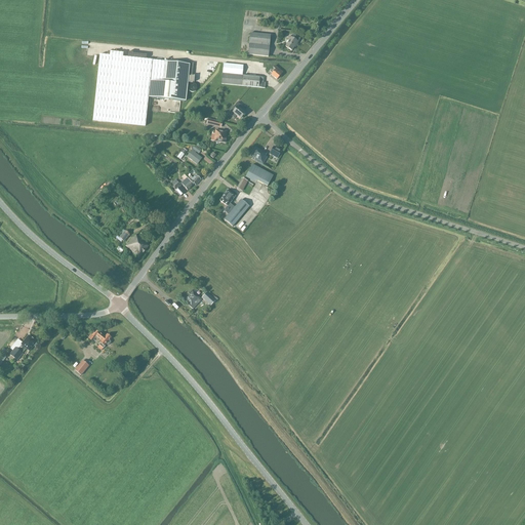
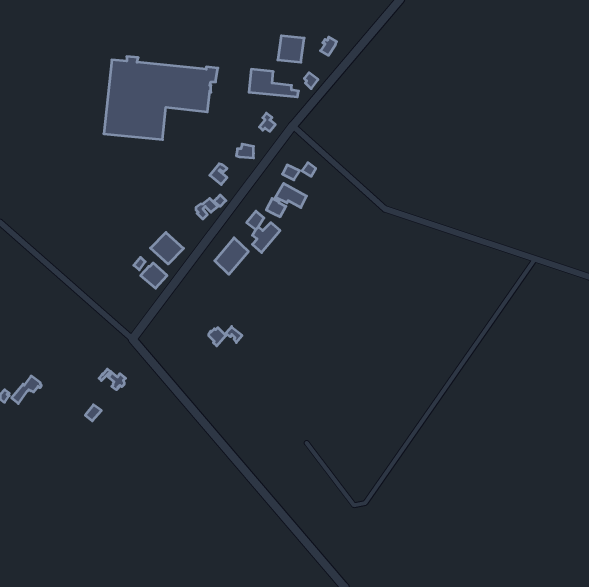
building: none -> [150,232,184,264]
building: none -> [215,238,248,274]

